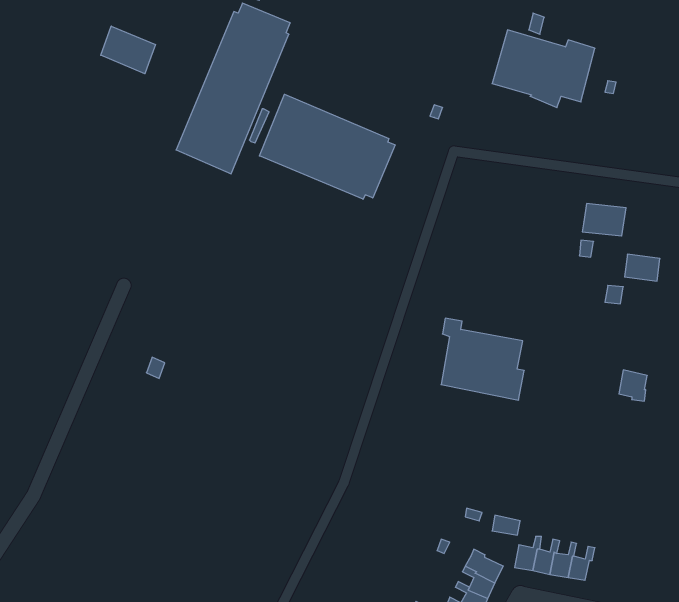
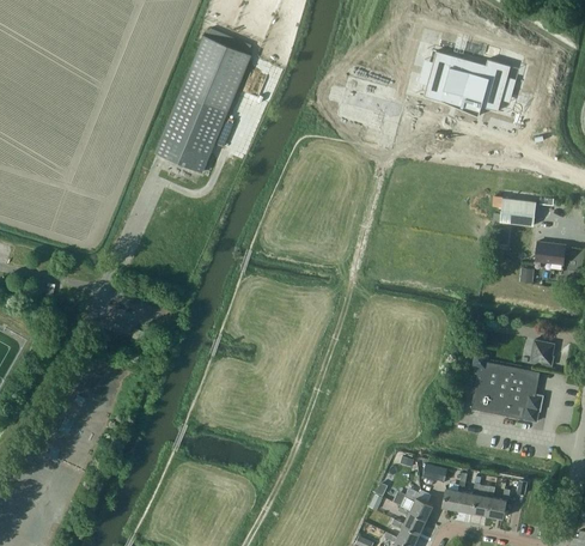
building: [101,26,155,74] -> none
building: [259,94,395,199] -> none
building: [441,318,524,400] -> [471,353,542,423]

